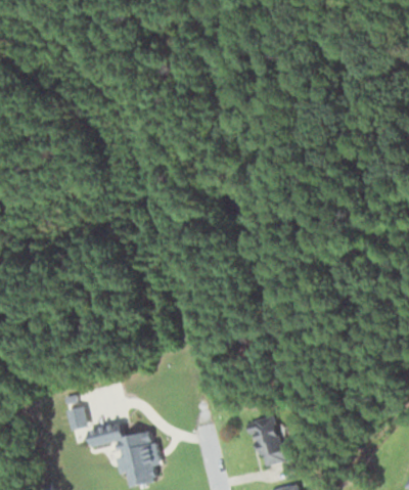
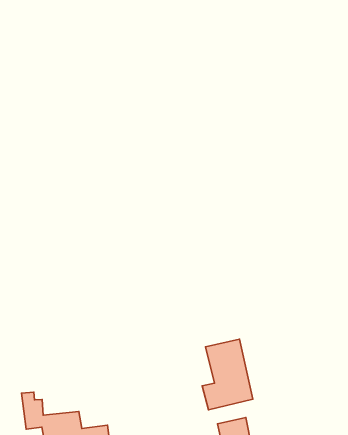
building: none -> [202,339,253,410]

